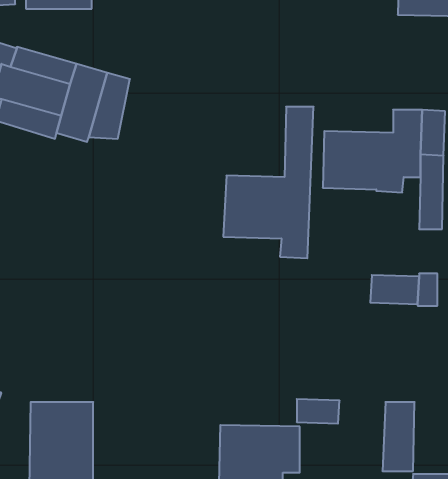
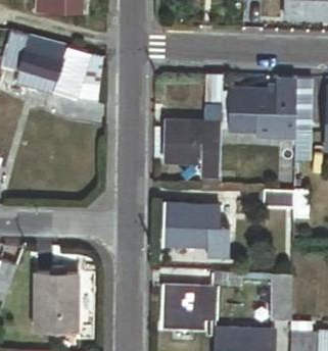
building: none -> [166,206,231,255]

